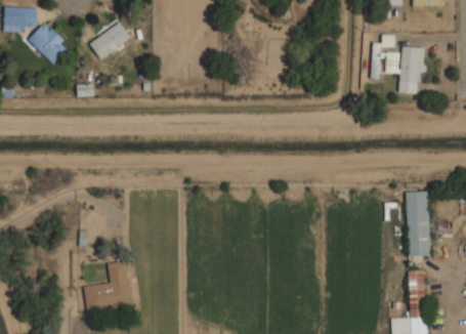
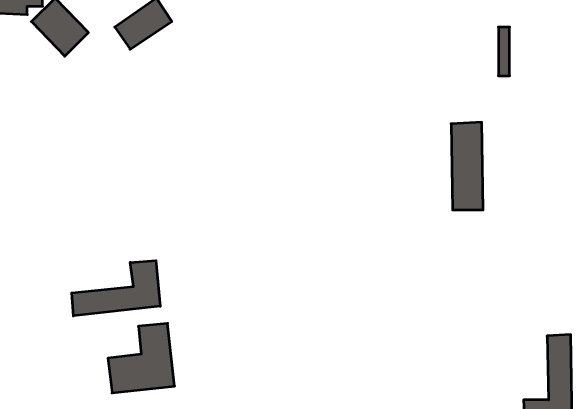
building: [385,45,424,92] -> none
building: [406,191,429,255] -> [451,122,483,210]
building: none -> [72,261,160,316]

